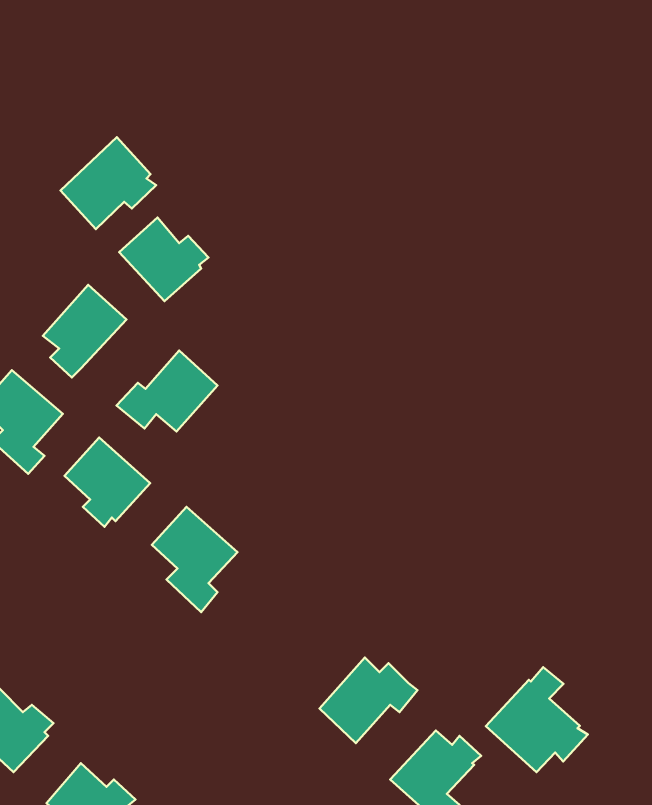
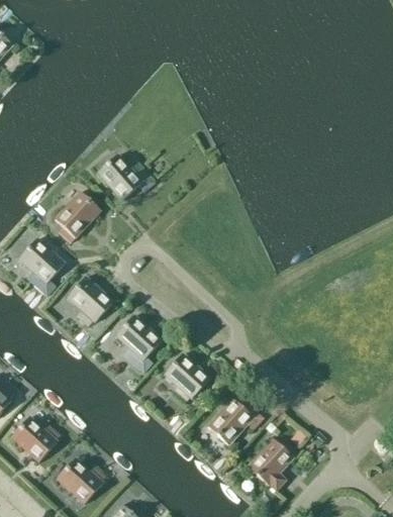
building: [60,137,156,229] -> none
building: [116,351,218,431] -> none
building: none -> [163,353,210,403]
building: [486,667,588,772] -> none

